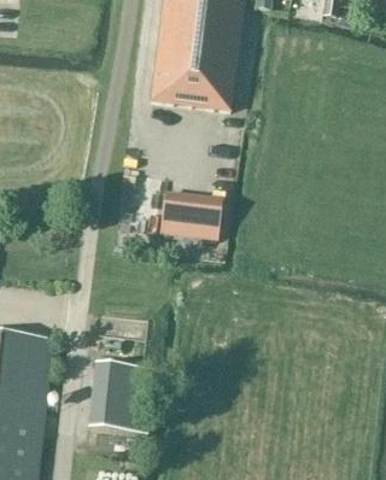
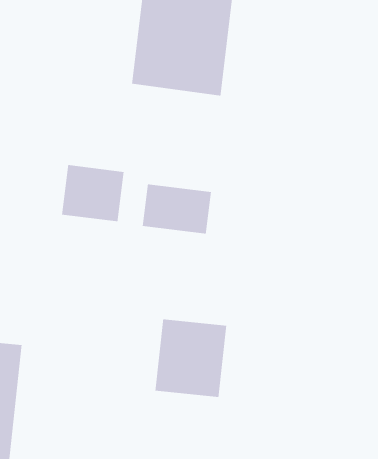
building: none -> [61,164,125,222]
building: [89,359,154,431] -> [155,319,227,398]

